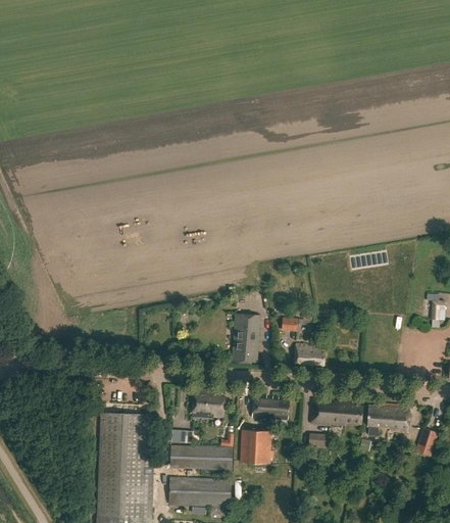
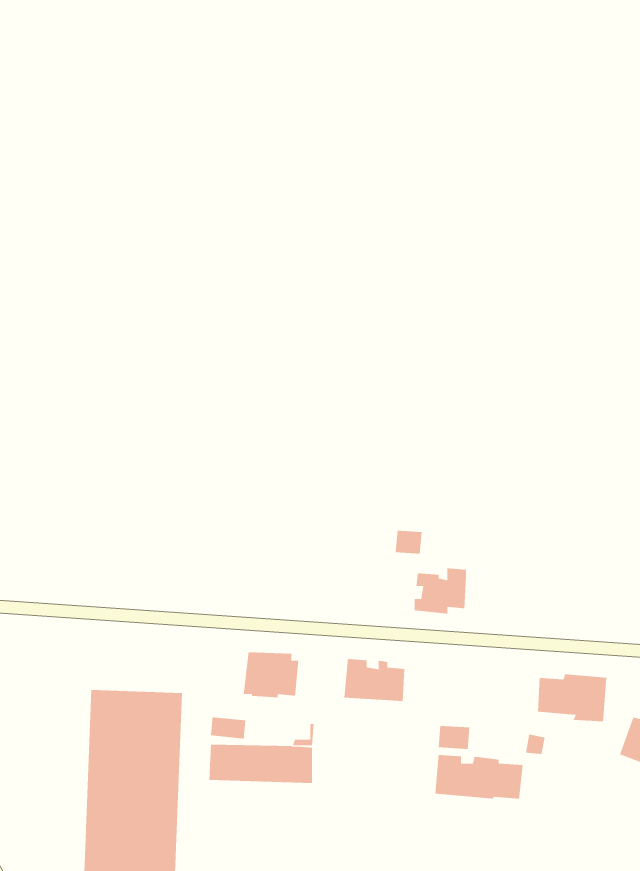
building: [232,313,261,363] -> none
building: [309,398,362,425] -> [434,754,523,799]
building: [240,429,271,463] -> none
building: [169,477,232,507] -> none

